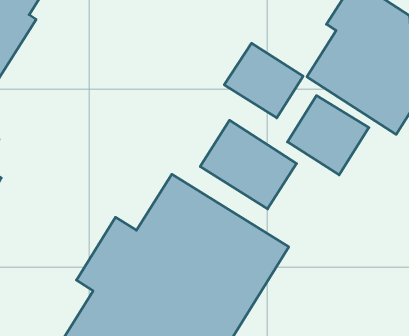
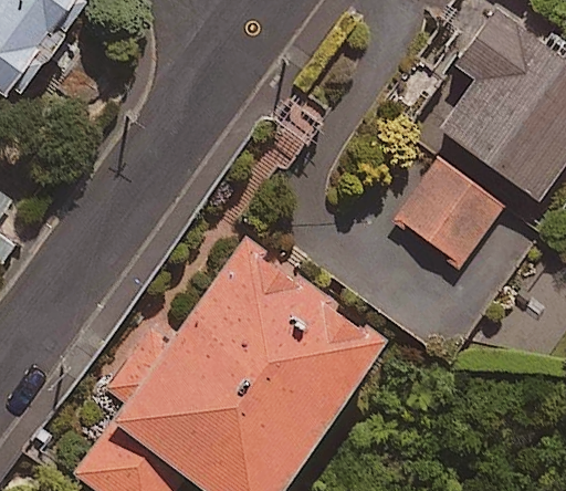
building: [224,43,303,118] -> none
building: [200,120,297,209] -> none

